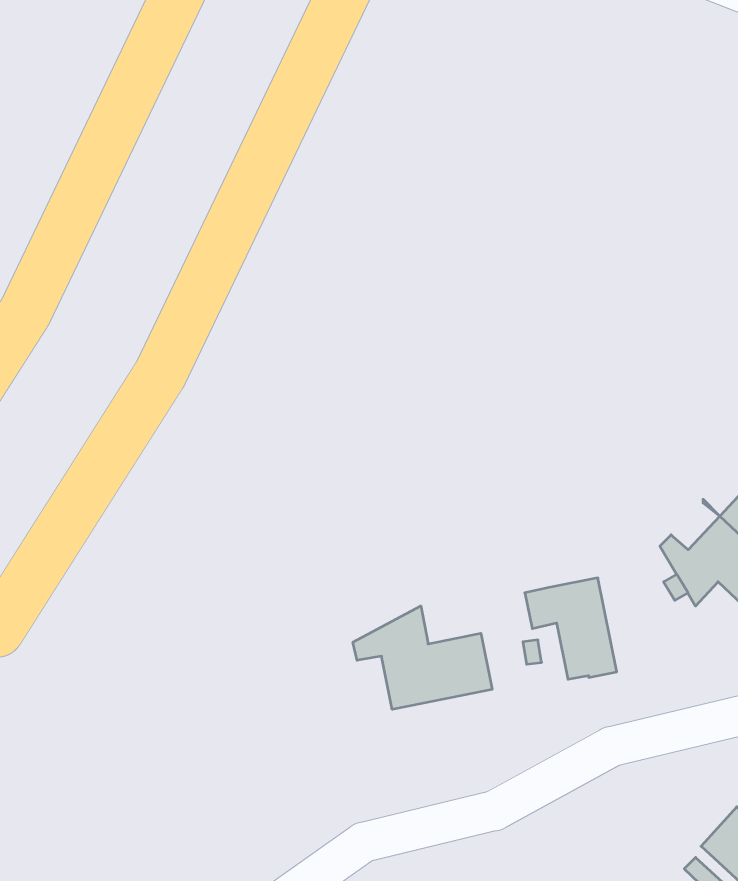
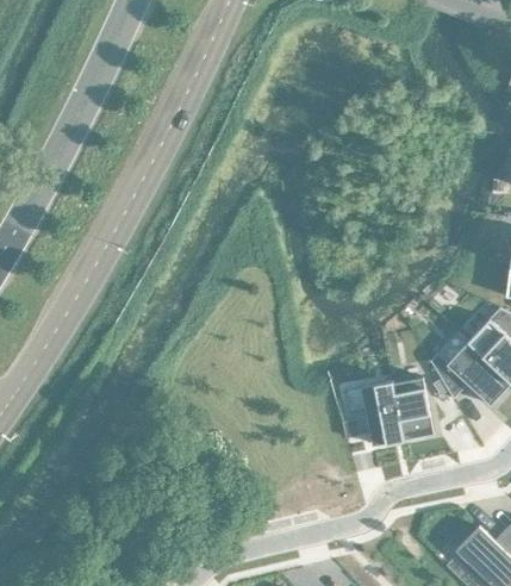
building: none -> [390,378,432,441]
building: [353,606,492,709] -> none

